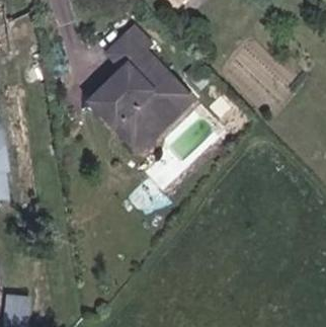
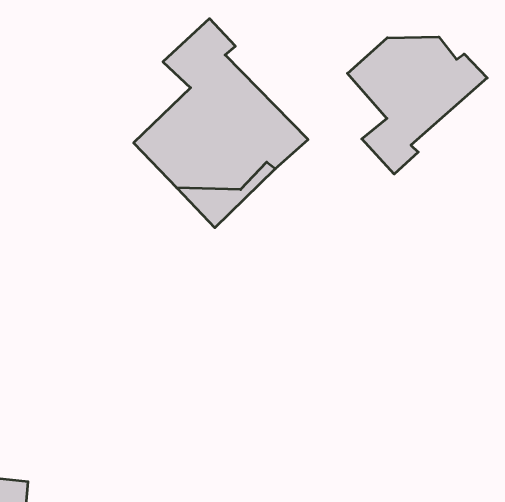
building: none -> [347,37,487,174]

